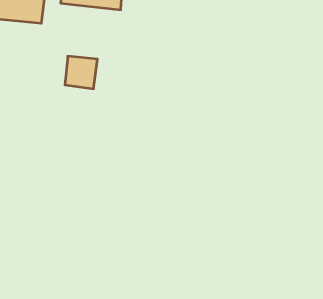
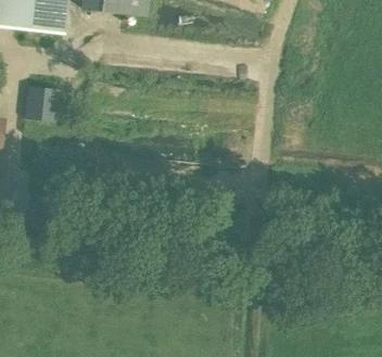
building: [65,56,97,89] -> [25,85,62,122]

